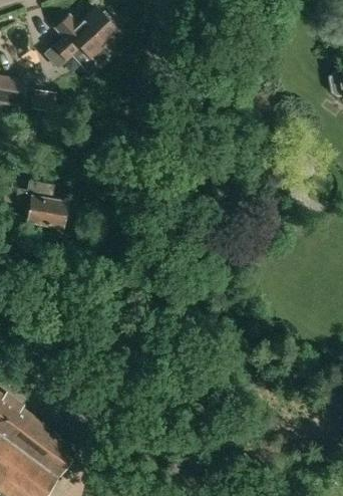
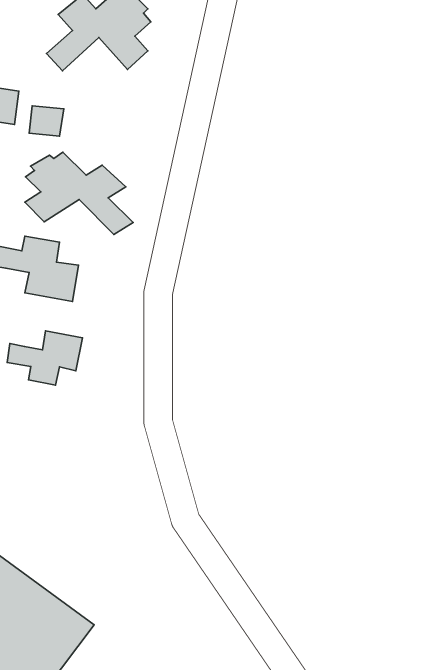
building: none -> [25,152,133,235]
building: none -> [7,331,83,385]

